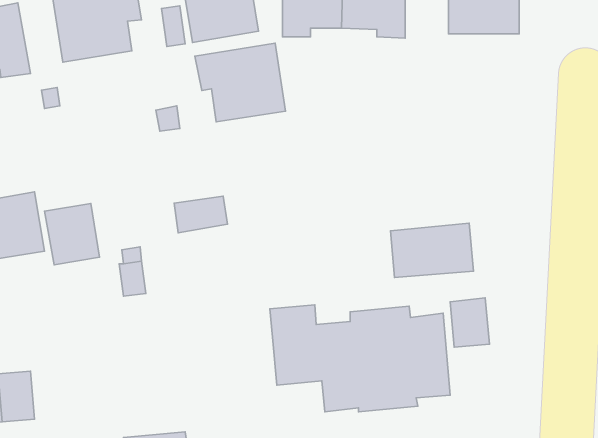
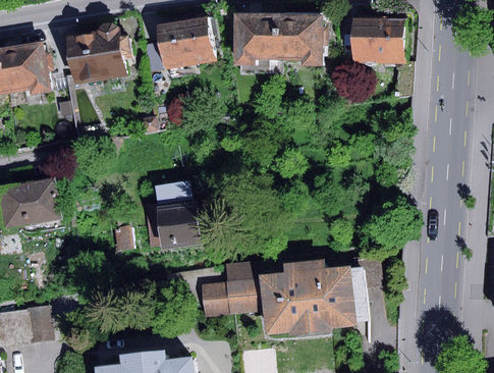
building: [195,43,285,122] -> none
building: [44,203,99,265] -> none
building: [390,223,474,278] -> none
building: none -> [155,200,200,250]
building: none -> [203,281,229,318]

